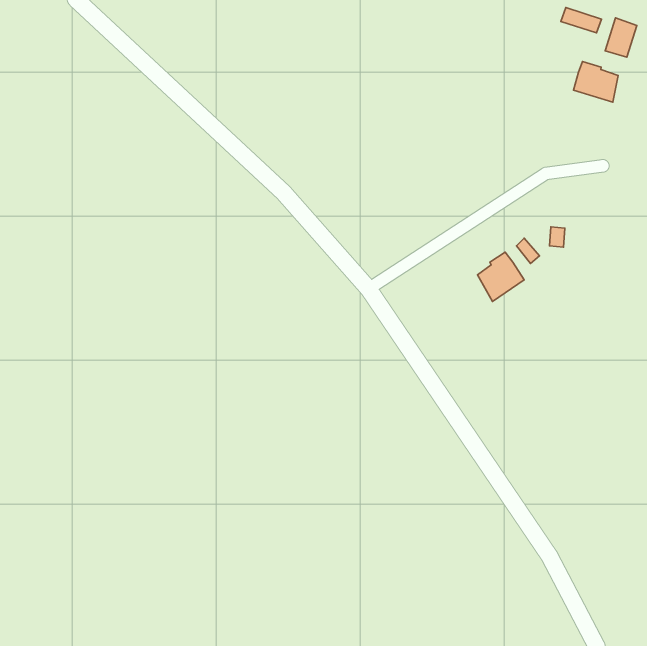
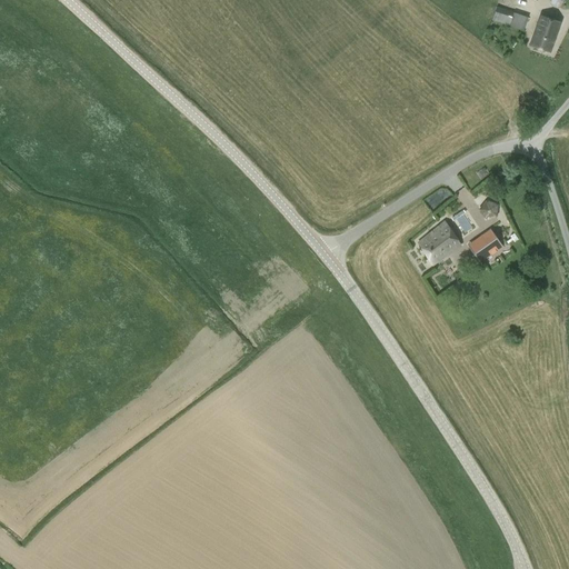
building: [574,62,618,102] -> none
building: none -> [468,229,502,261]

